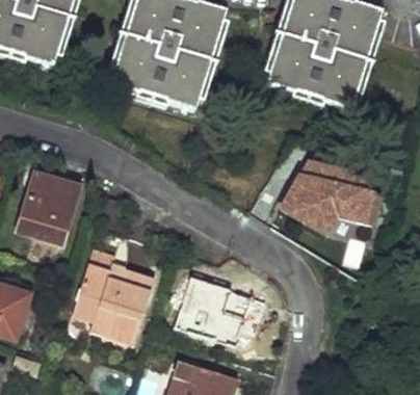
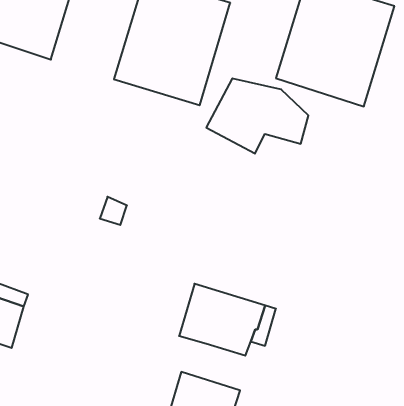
building: [280,158,377,230] -> [206,78,308,154]
building: [17,176,75,239] -> none
building: [72,240,155,346] -> none

